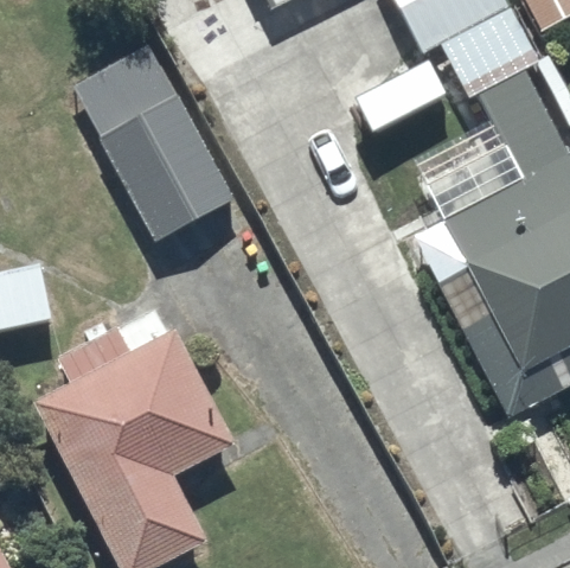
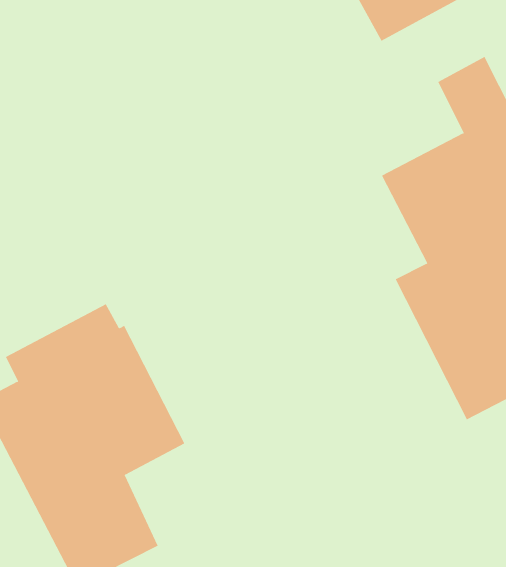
building: [73,45,235,241] -> none

